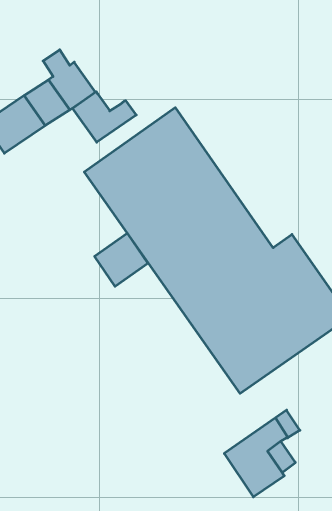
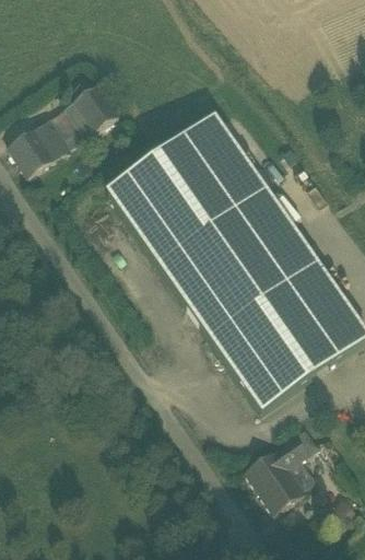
building: [72,92,136,142] -> none
building: none -> [199,114,314,265]
building: [95,233,148,286] -> none

